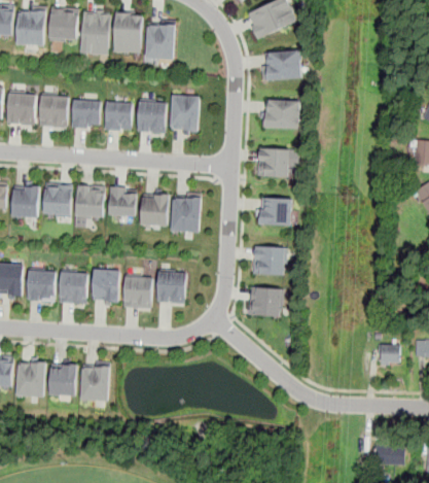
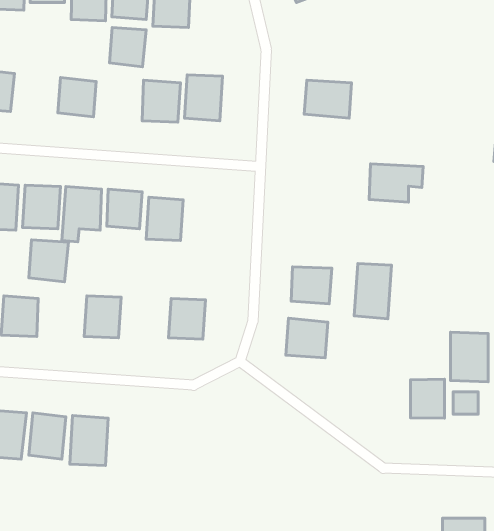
building: [261,53,301,82] -> none
building: [39,96,68,128] -> none
building: [104,102,133,133] -> [109,27,146,67]
building: [257,148,299,178] -> [369,164,423,202]
building: [171,193,201,232] -> none
building: [258,197,292,227] -> none
building: none -> [354,263,392,319]
building: [59,272,90,305] -> [29,240,68,282]
building: [123,275,153,309] -> none
building: none -> [450,332,488,382]
building: none -> [410,379,444,418]

